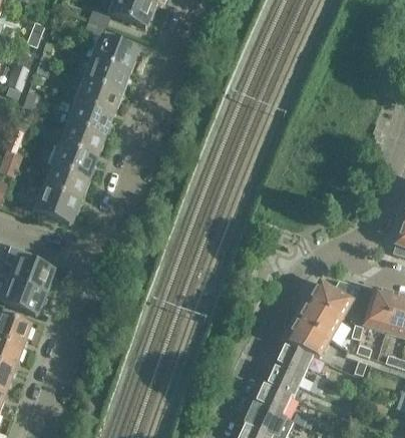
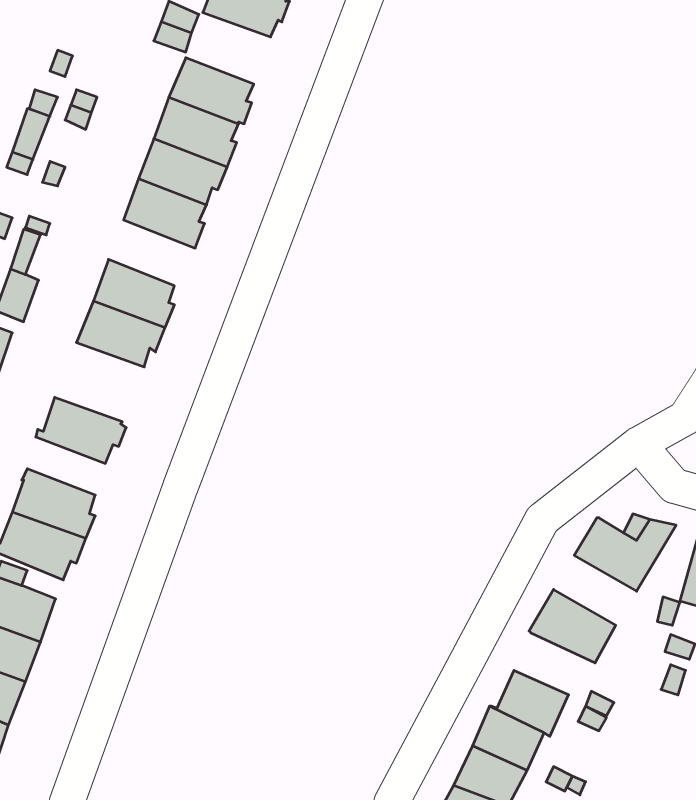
building: [59,122,105,157] -> none
building: [32,187,80,223] -> [36,397,126,463]
building: [296,301,340,338] -> none
building: [275,342,313,375] -> none

